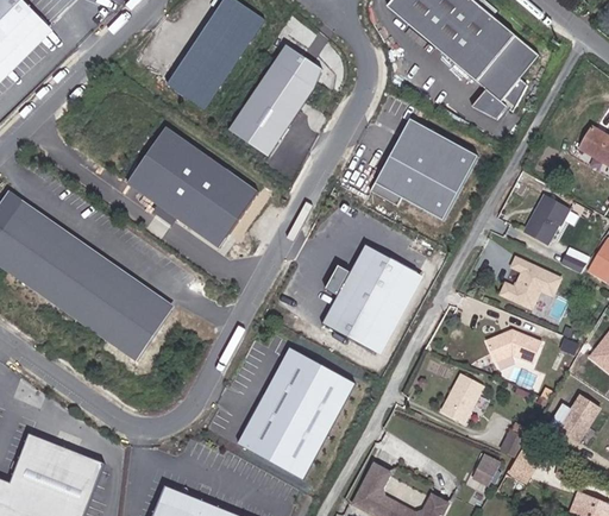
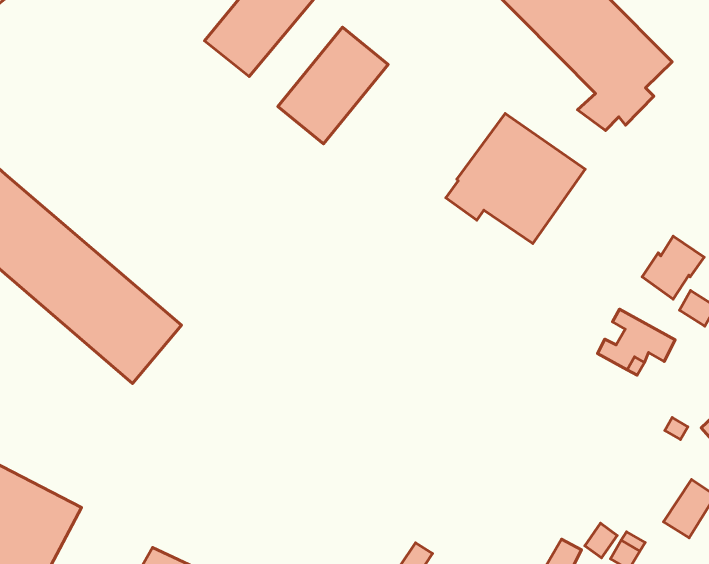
building: [274,43,321,87] -> none
building: [126,125,257,246] -> none
building: [324,241,421,350] -> none
building: [486,338,541,371] -> none
building: [237,346,354,477] -> none
building: [445,376,489,426] -> none

